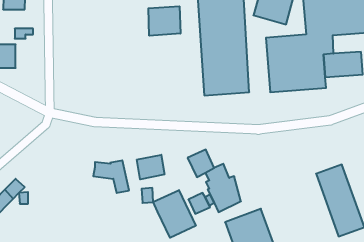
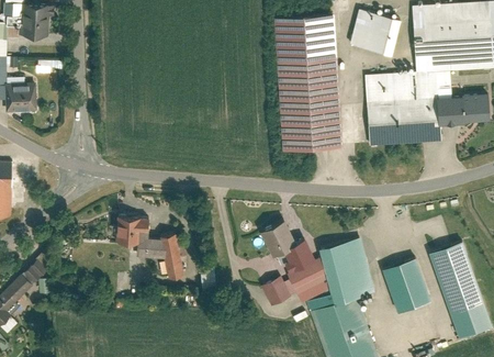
building: [148,6,180,36] -> none
building: none -> [115,215,149,244]
building: [137,155,164,179] -> none
building: none -> [321,239,373,302]
building: none -> [383,258,430,310]
building: [153,190,196,238] -> none

